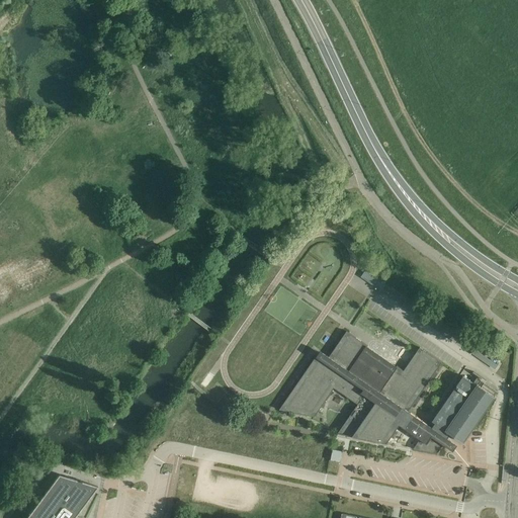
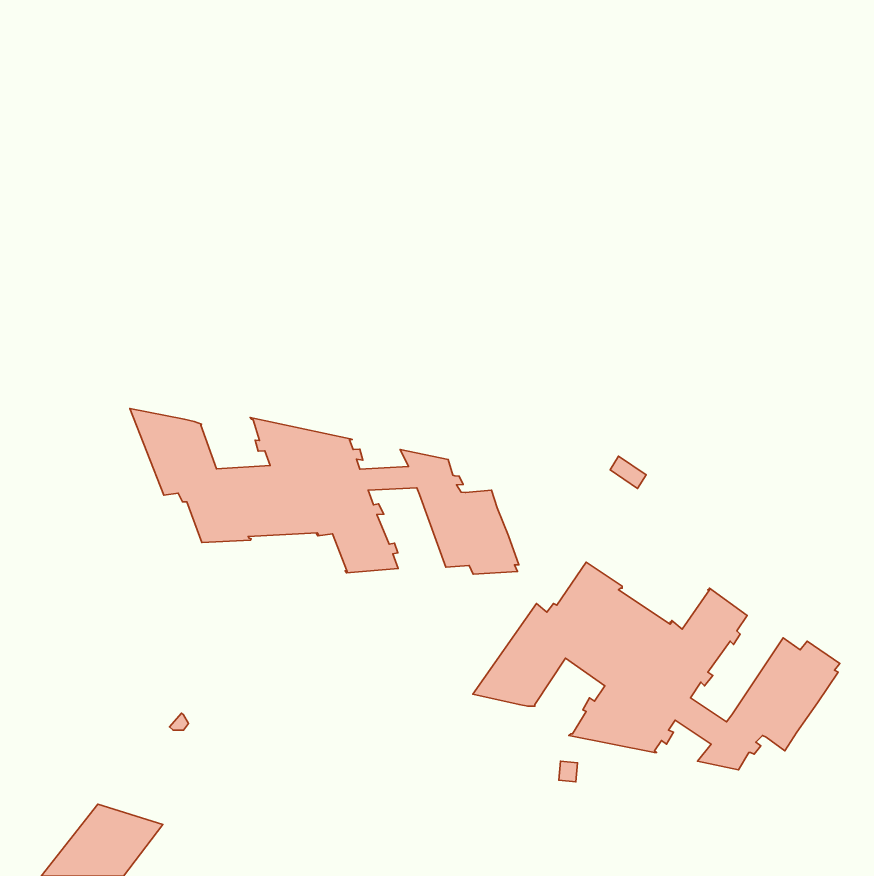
building: none -> [130,408,519,574]

